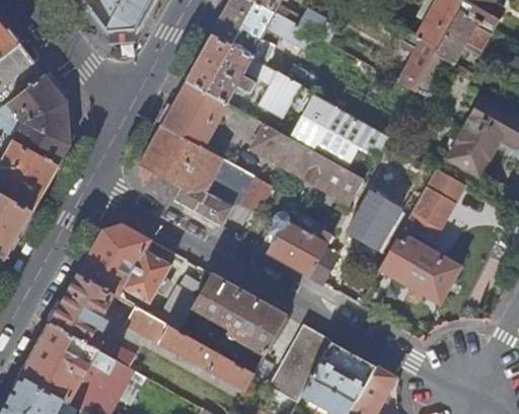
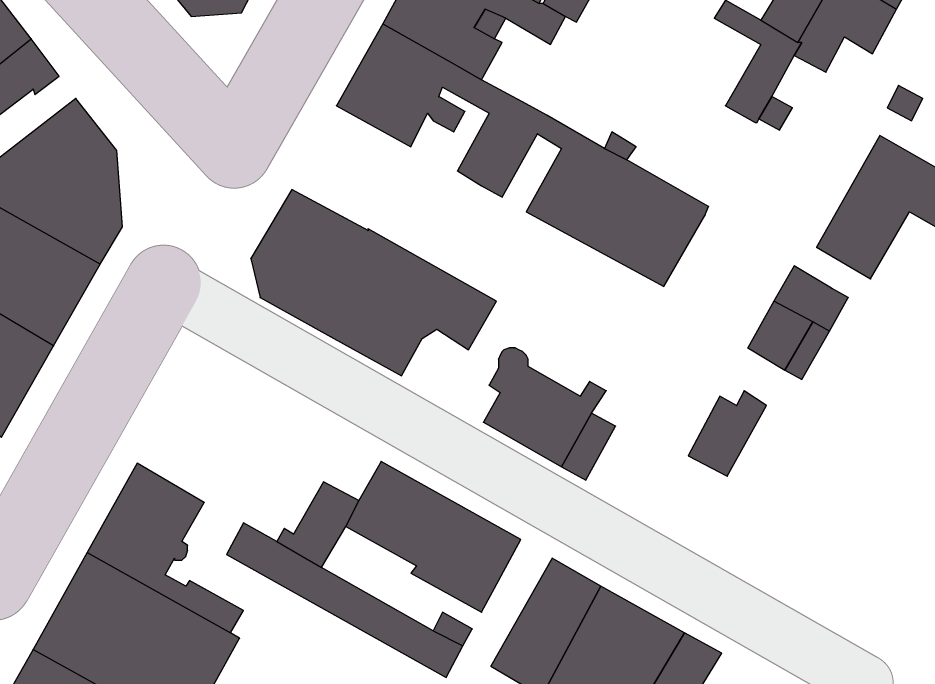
building: [161,80,228,148] -> none
building: [251,124,364,203] -> none
building: [346,191,400,250] -> none
building: [77,223,170,302] -> none
building: [398,244,461,305] -> none

